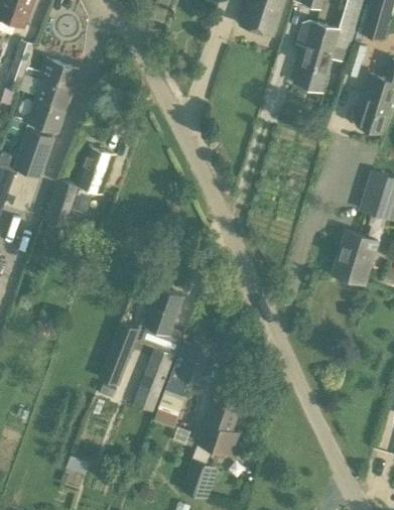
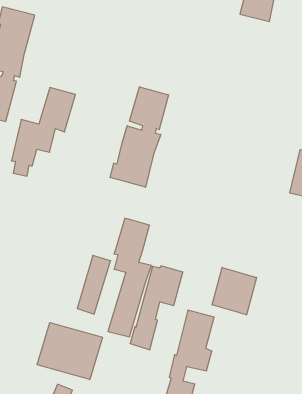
building: none -> [110,87,168,187]
building: none -> [212,267,257,315]
building: none -> [37,323,103,380]

